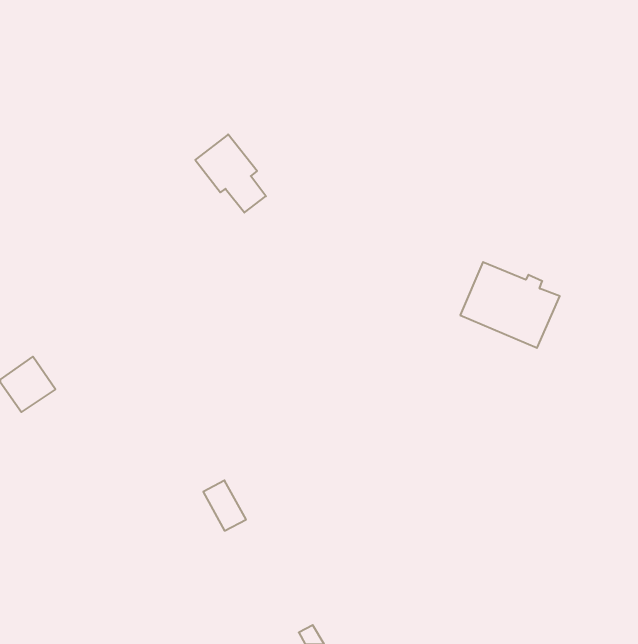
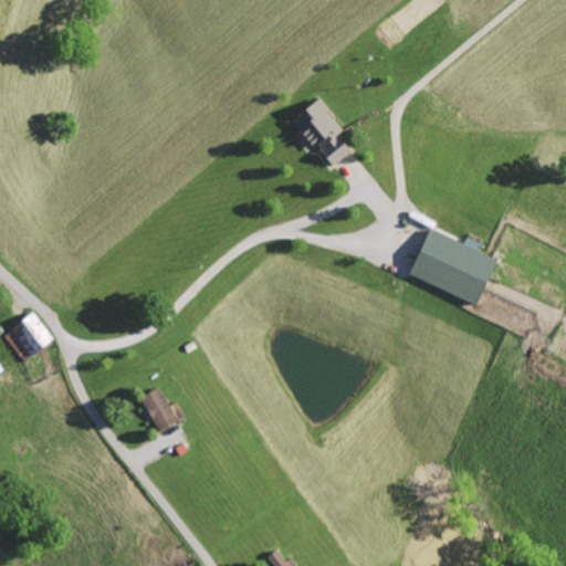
building: [195,134,266,213] -> [290,99,352,168]
building: [203,480,246,531] -> [142,388,179,432]

